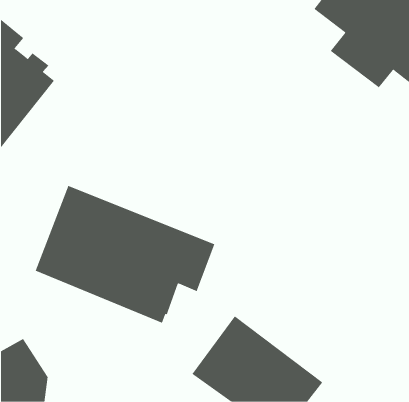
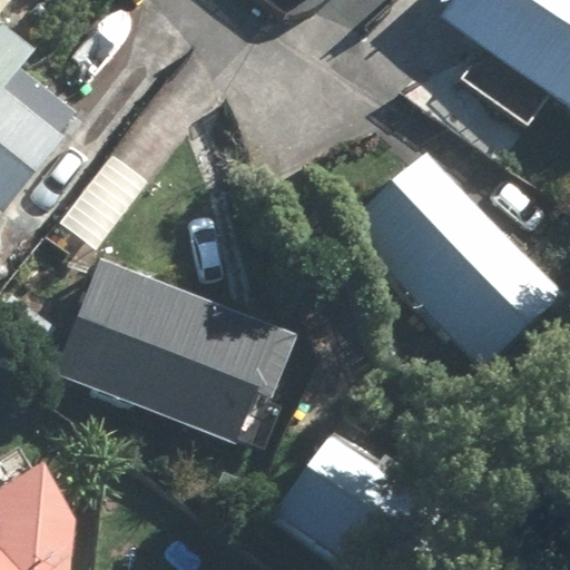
building: none -> [342,149,562,373]

